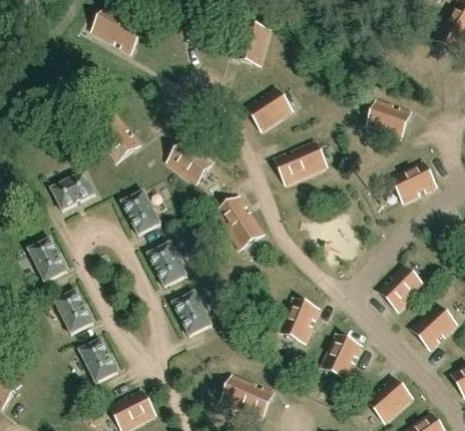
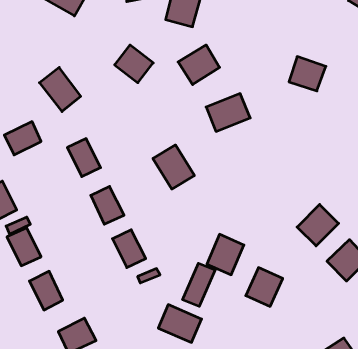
building: [169,141,212,183] -> [115,45,153,83]
building: [393,162,435,201] -> none
building: none -> [183,263,215,306]
building: [367,377,412,421] -> none

